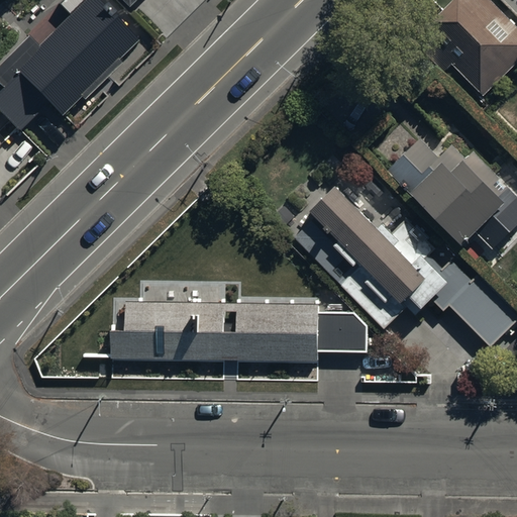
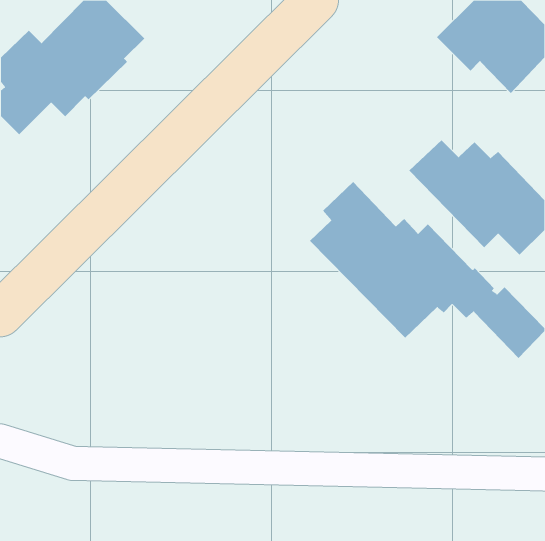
building: [109,305,367,365] -> none

